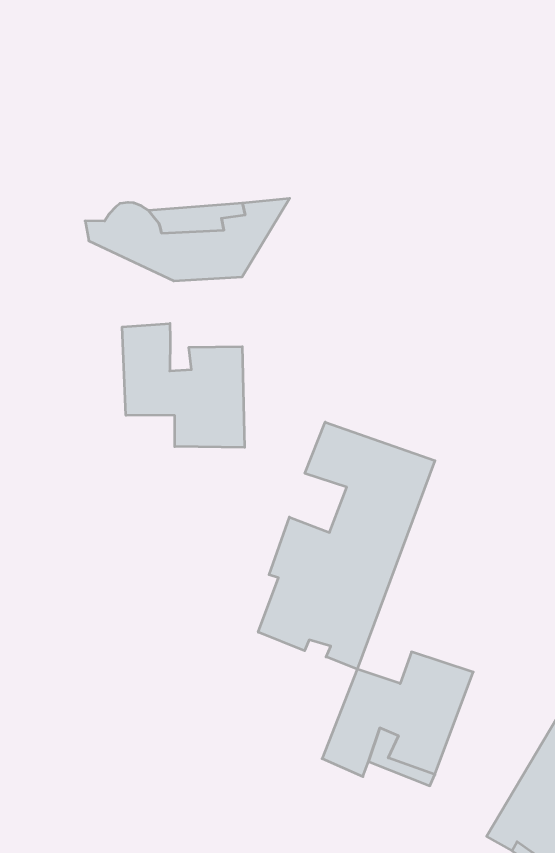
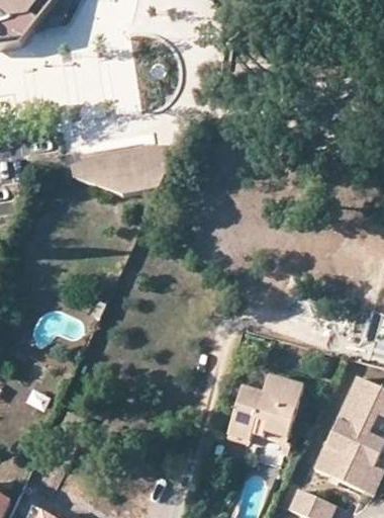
building: [122,323,245,447] -> none
building: [258,422,435,669] -> none

